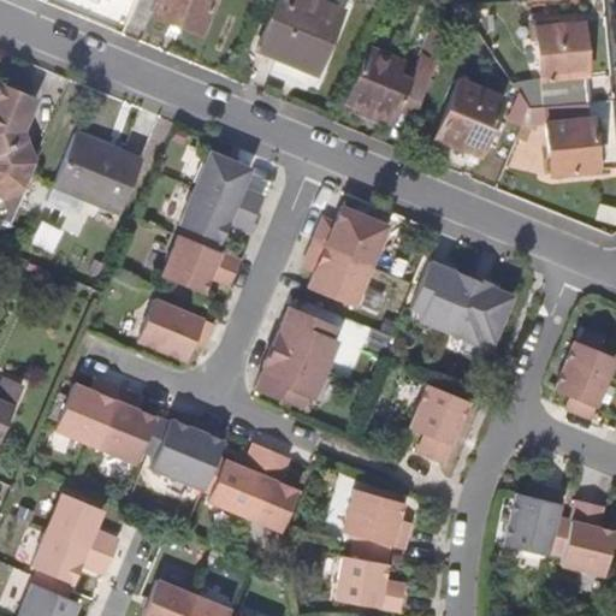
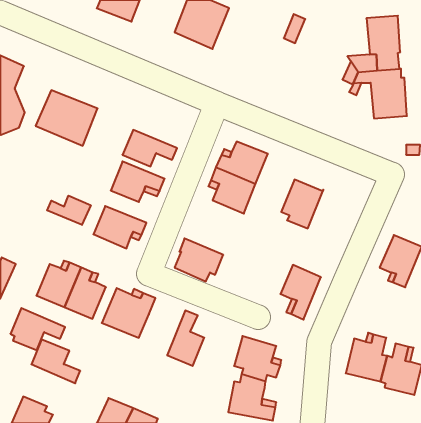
building: [339,47,426,124] -> none
building: [432,72,498,140] -> none
building: [196,152,263,215] -> none
building: [450,276,514,344] -> none
building: none -> [47,196,91,225]
building: [271,306,339,371] -> none
building: [205,444,272,516] -> none
building: [32,529,112,591] -> [10,308,65,350]

